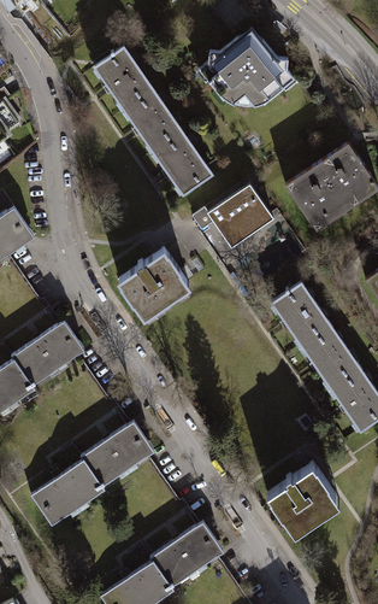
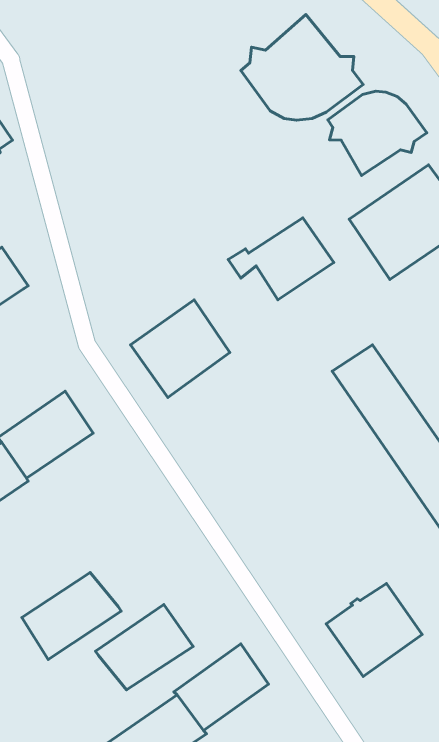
building: [91,46,212,197] -> none
building: none -> [328,91,427,175]
building: [81,420,156,486] -> [95,605,193,690]

